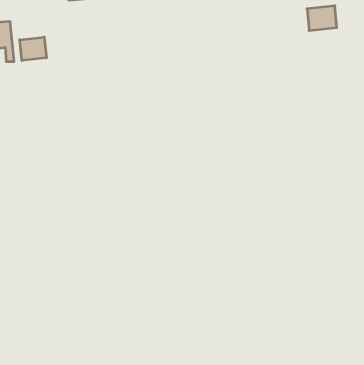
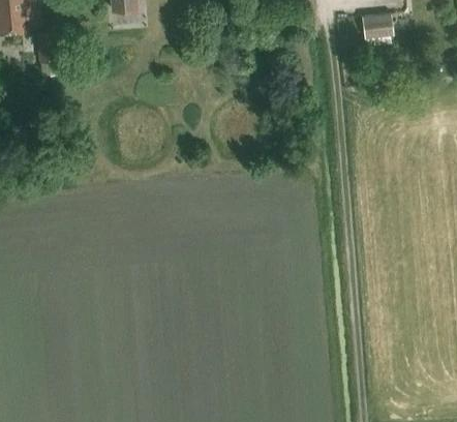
building: [20,37,46,61] -> none

